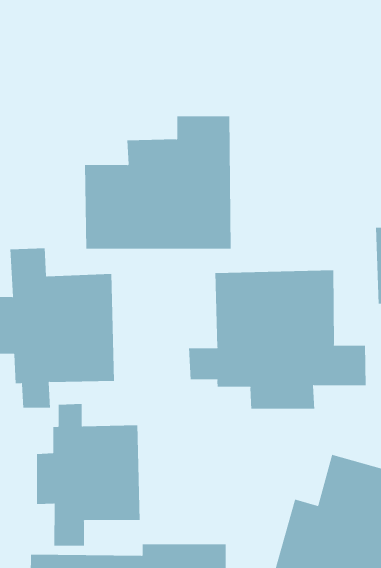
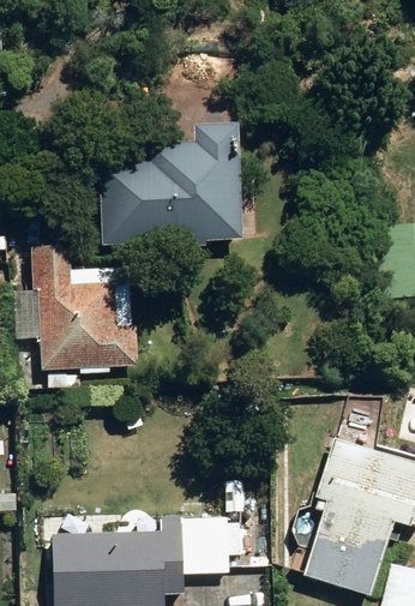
building: [188,270,366,410] -> none
building: [36,403,140,546] -> none

